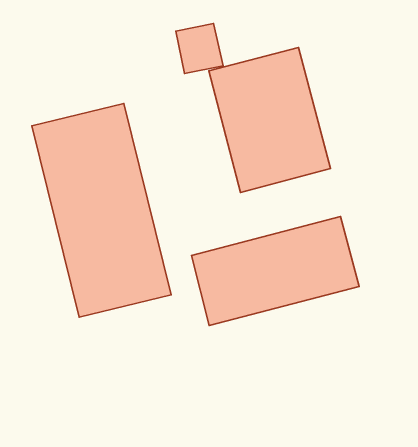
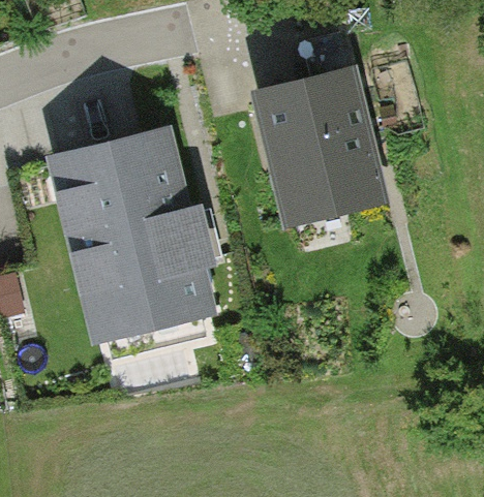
building: [191,217,359,326] -> none

